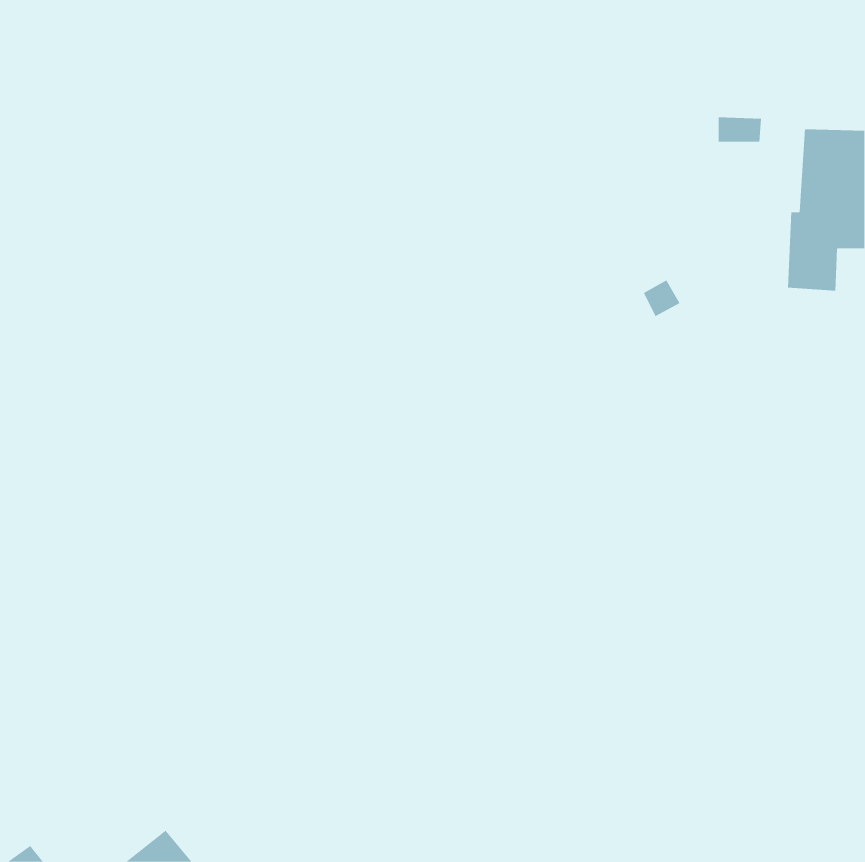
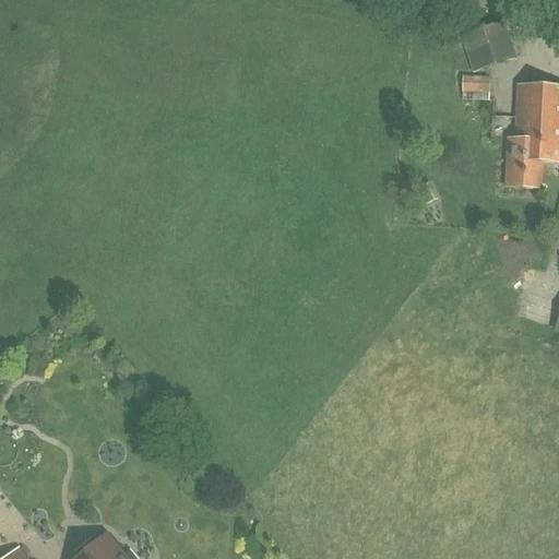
building: none -> [463,21,516,70]

